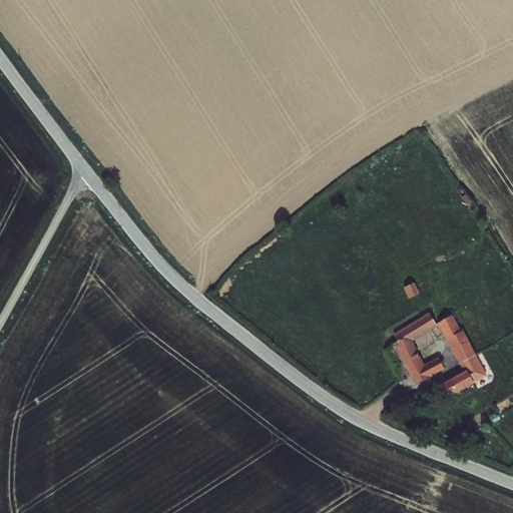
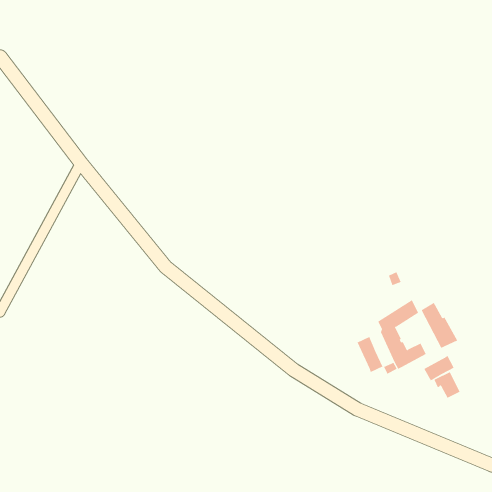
building: none -> [357,336,383,373]
building: [459,355,487,383] -> [434,372,461,399]

